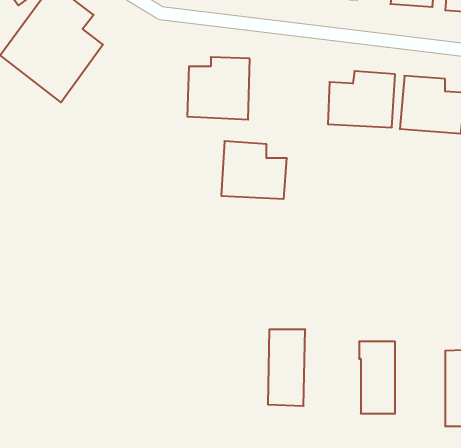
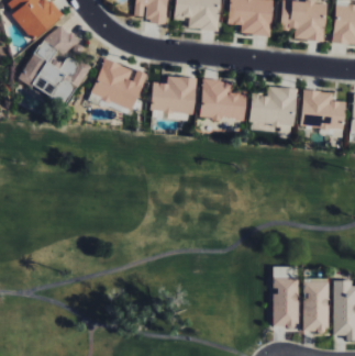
building: none -> [91,59,146,110]
building: [221,141,287,199] -> [200,79,246,120]
building: [268,329,305,406] -> [301,278,328,332]

